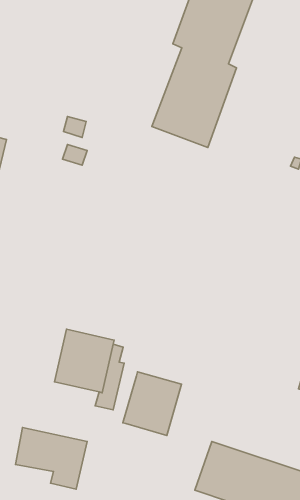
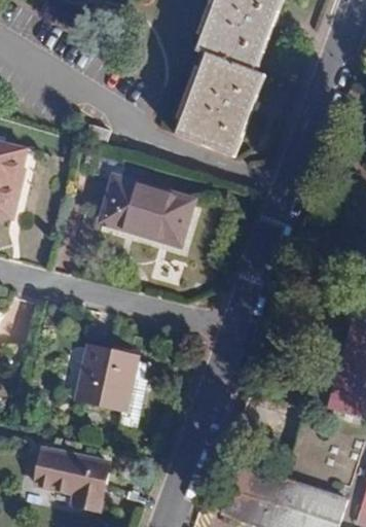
building: none -> [101,177,193,245]
building: [123,372,182,435] -> none

